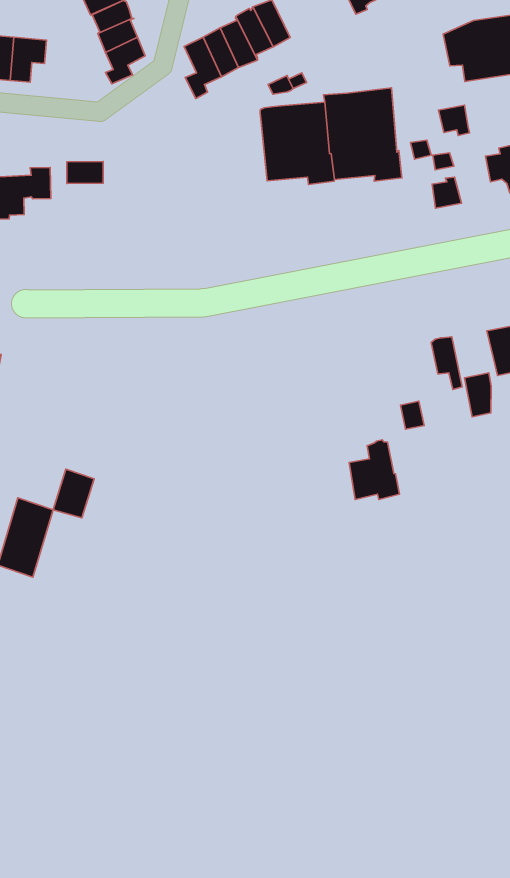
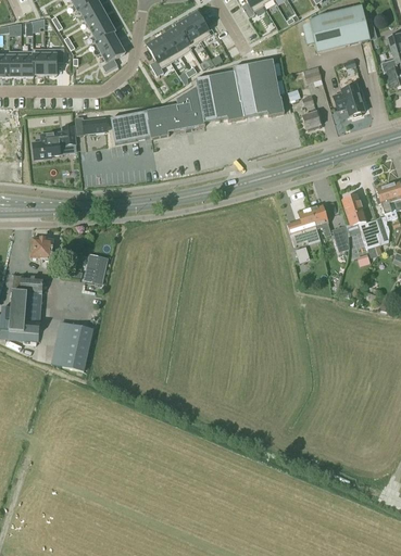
building: none -> [110,86,204,143]
building: [349,440,399,500] -> [288,207,319,244]
building: [53,469,94,518] -> [84,254,106,282]

